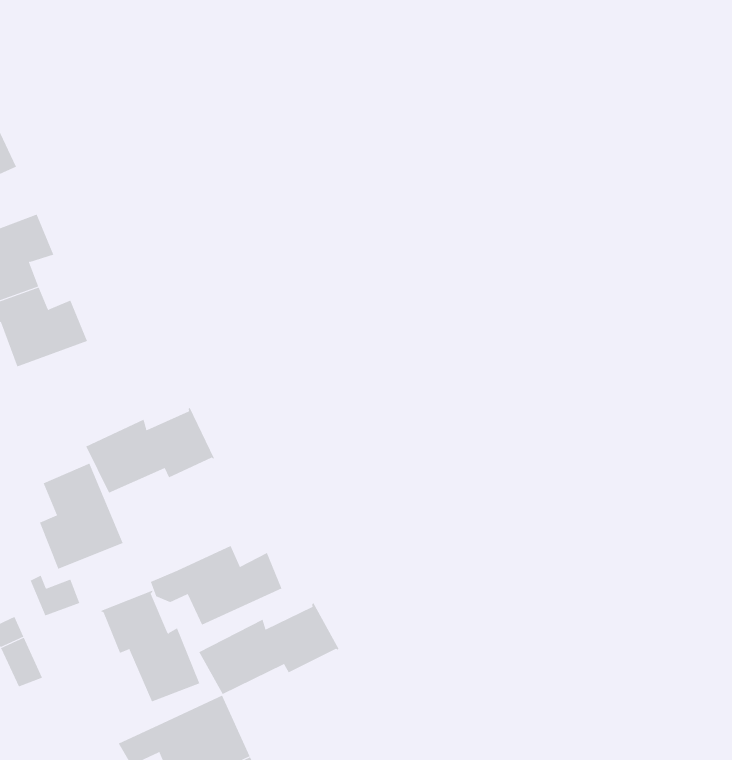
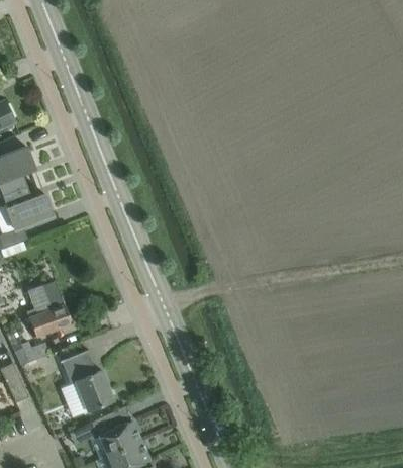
building: [85,407,215,494] -> none
building: [150,545,282,625] -> none
building: [198,602,339,695] -> none

